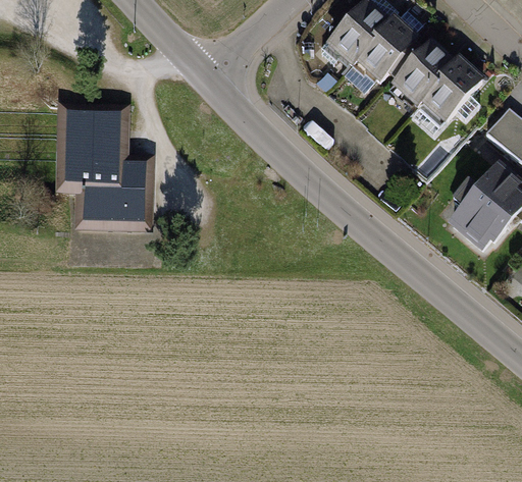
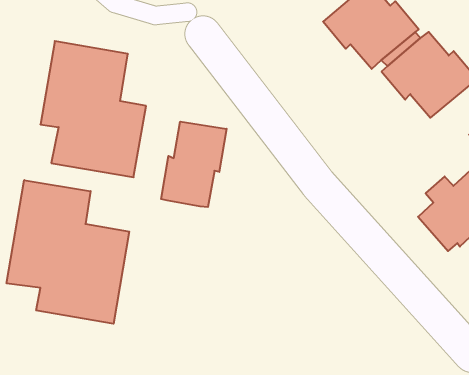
building: none -> [161,122,227,207]
building: none -> [7,180,129,324]

